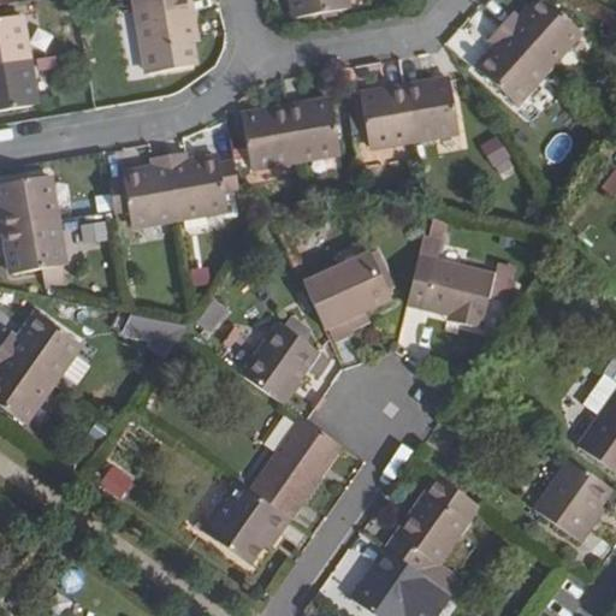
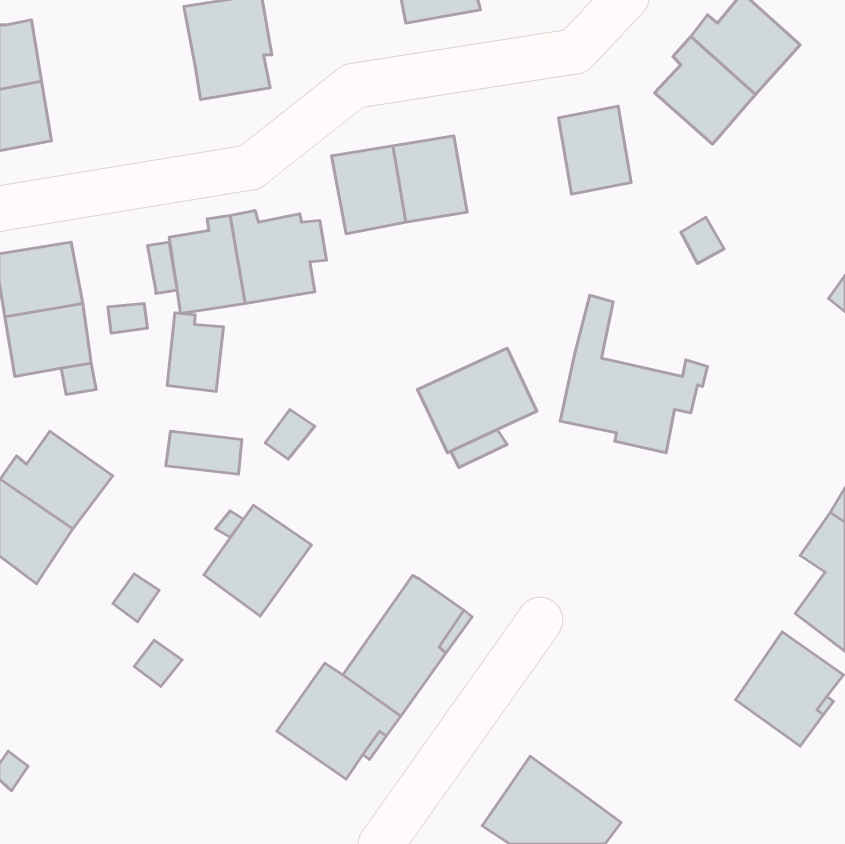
building: [360,85,415,148] -> none
building: none -> [167,313,223,392]
building: [241,324,319,404] -> [204,505,311,616]
building: [385,475,479,574] -> none

